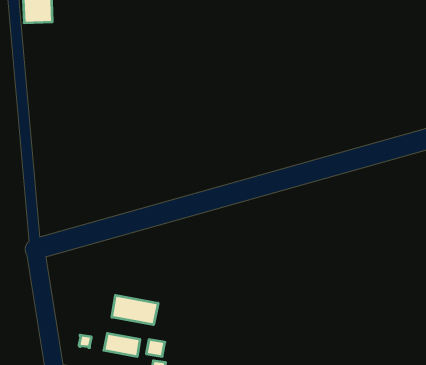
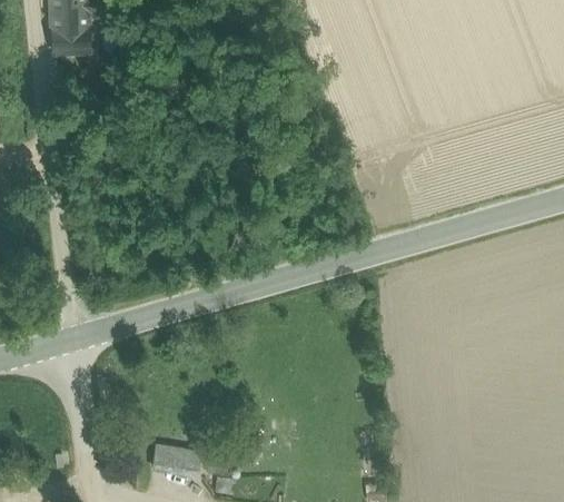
building: [112,295,158,325] -> none

